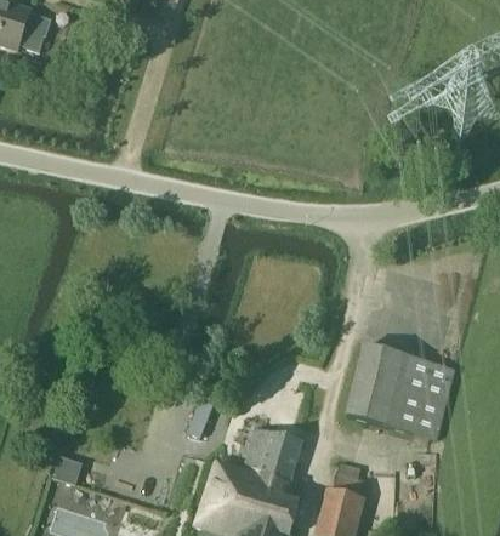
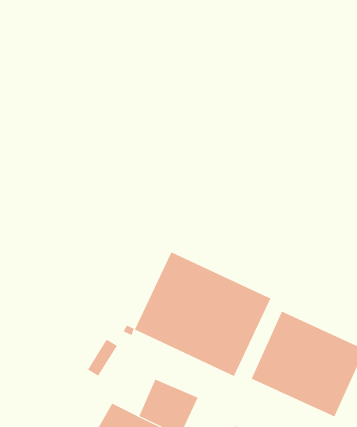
building: none -> [134,252,271,377]

